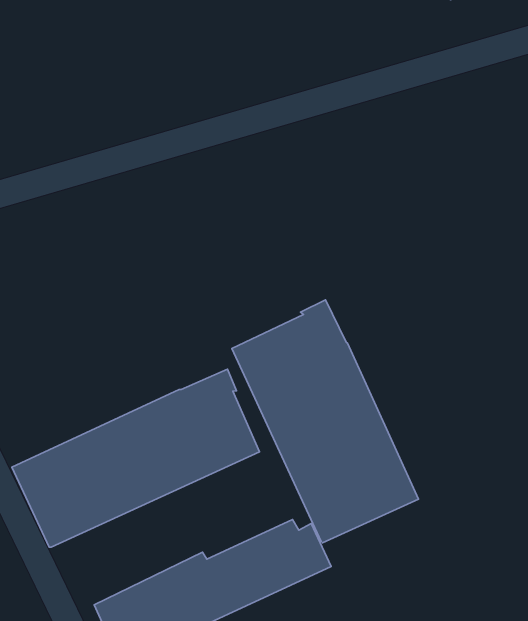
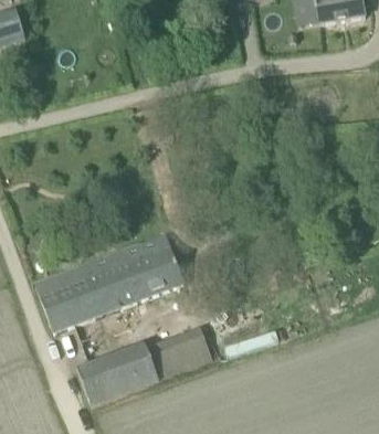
building: [232,300,419,543] -> none

